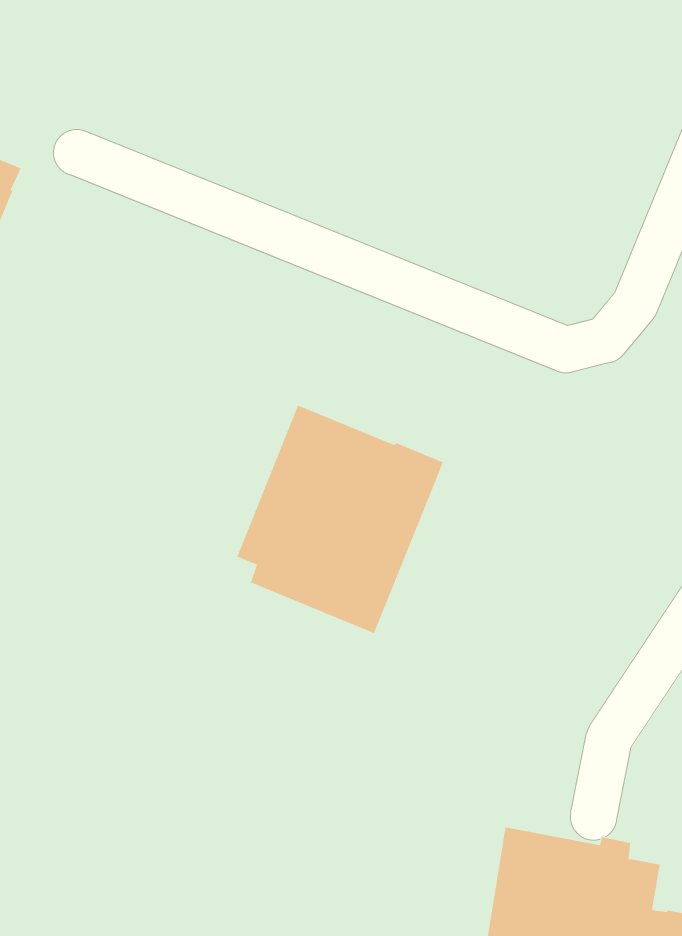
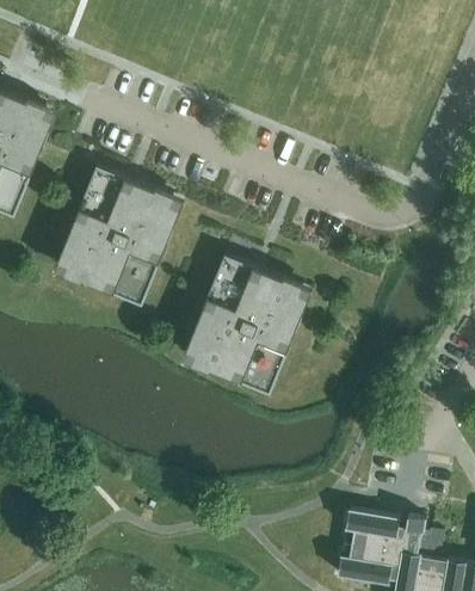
building: none -> [57,167,184,306]

